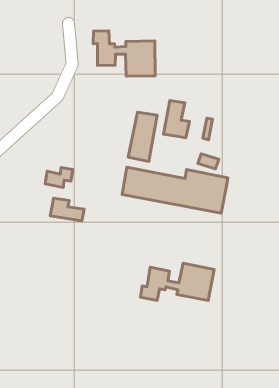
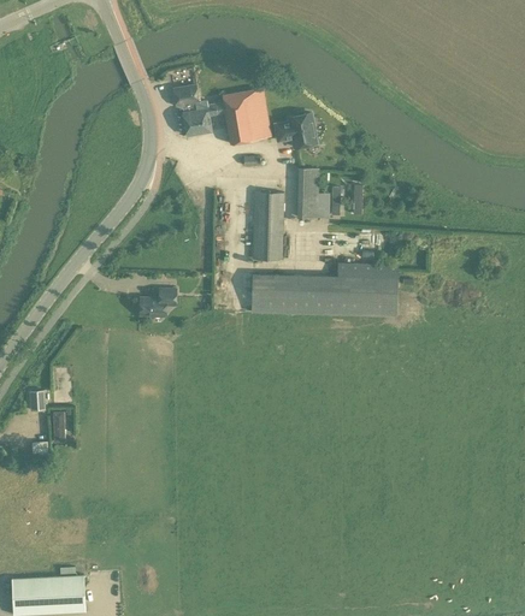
building: none -> [273,112,319,150]
building: [50,198,84,221] -> none
building: [141,263,214,301] -> none

